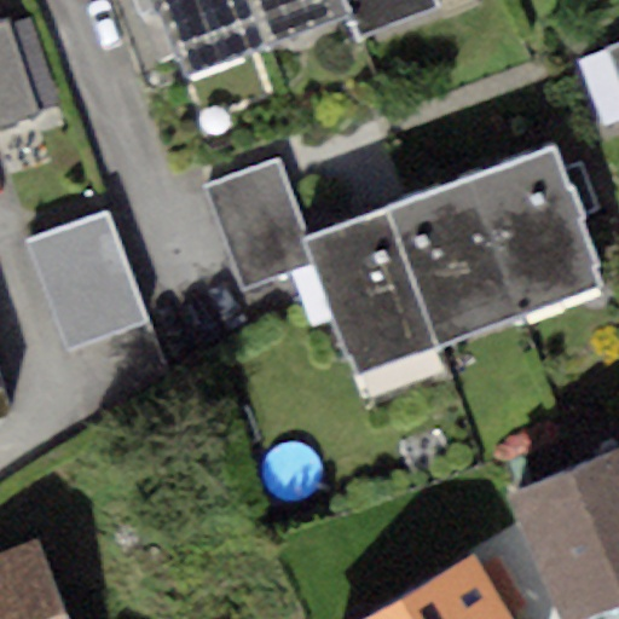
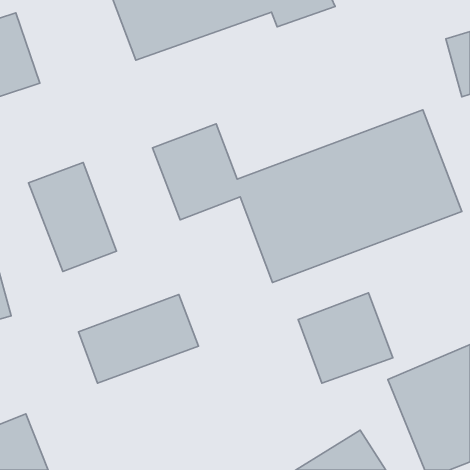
building: none -> [298,293,393,383]
building: none -> [79,294,198,383]

